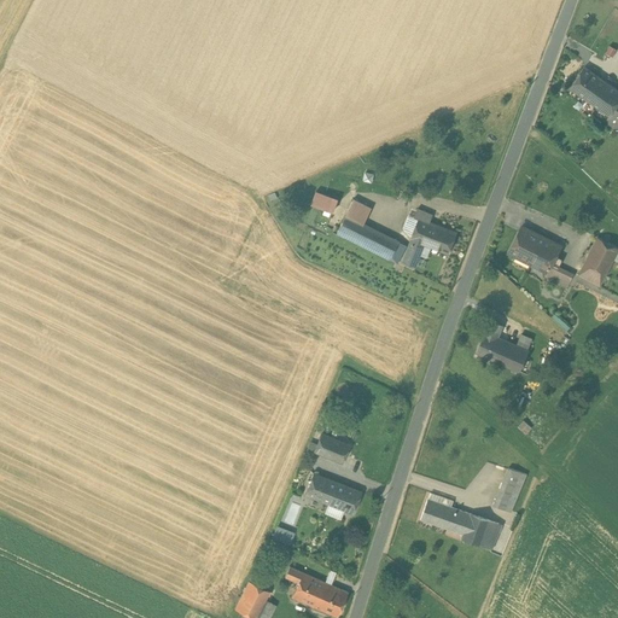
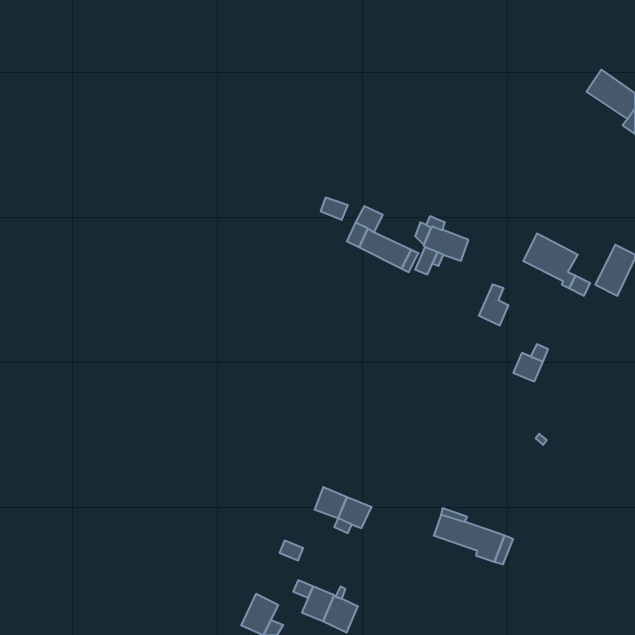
building: [478,322,507,362] -> [479,284,509,325]
building: [314,433,349,462] -> none
building: [492,468,527,513] -> none

